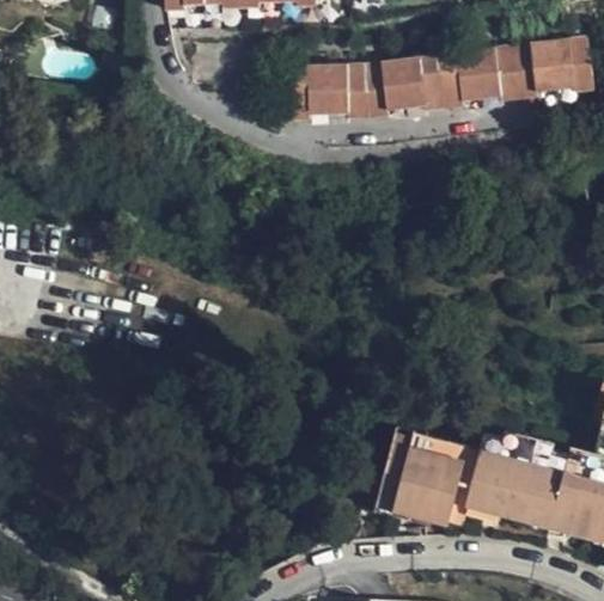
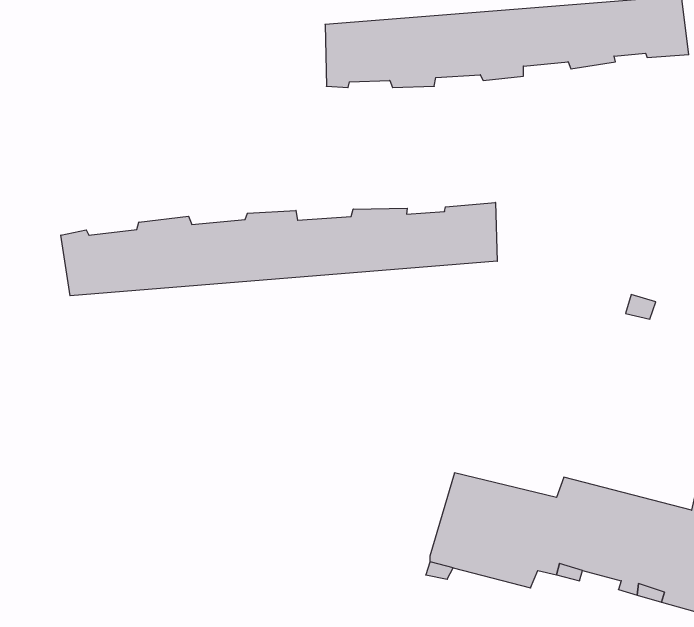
building: none -> [61,202,497,296]

